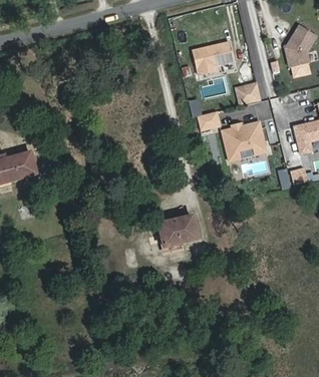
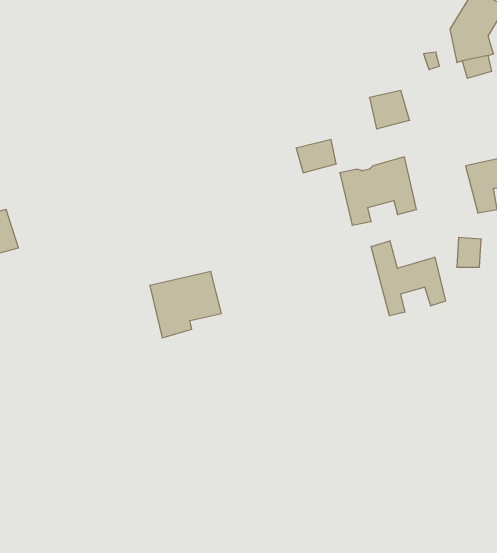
building: [192,42,233,75] -> none
building: none -> [371,241,445,316]
building: [157,215,199,253] -> [150,272,221,338]

